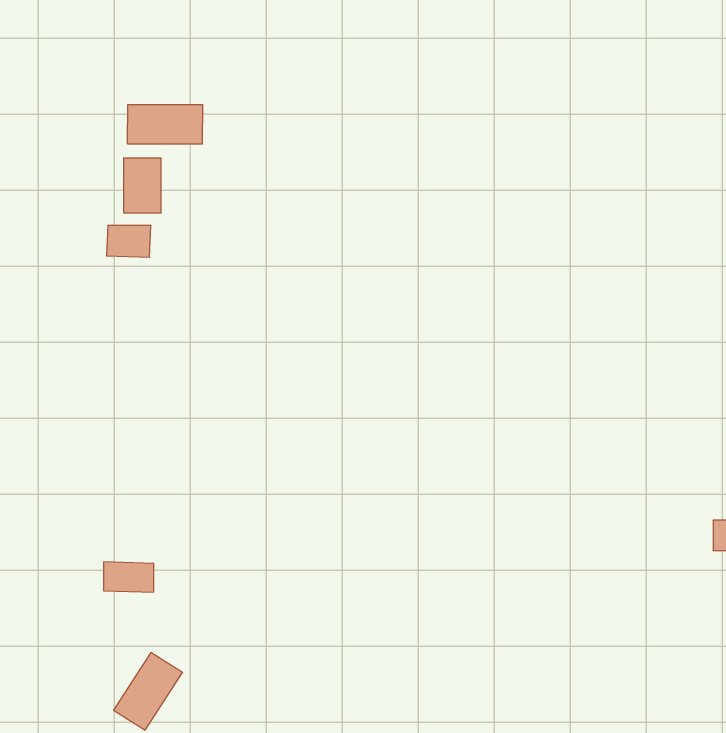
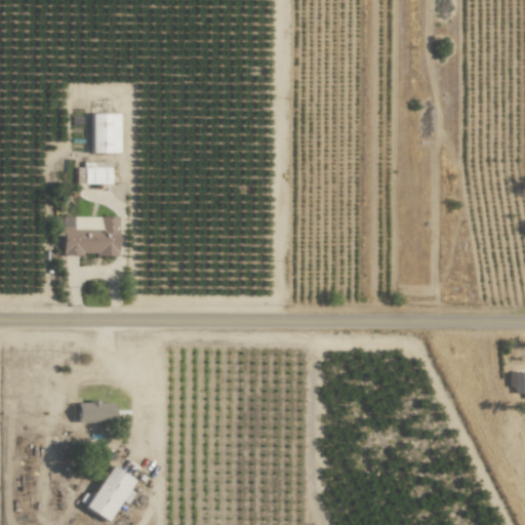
building: [128,105,203,144] -> none
building: none -> [67,216,121,254]

